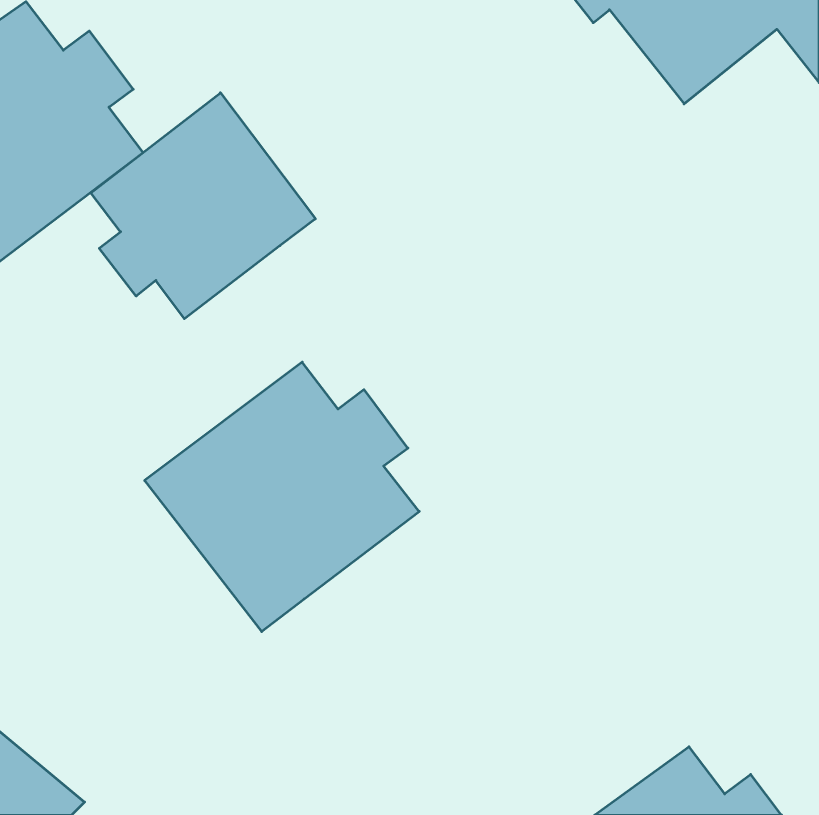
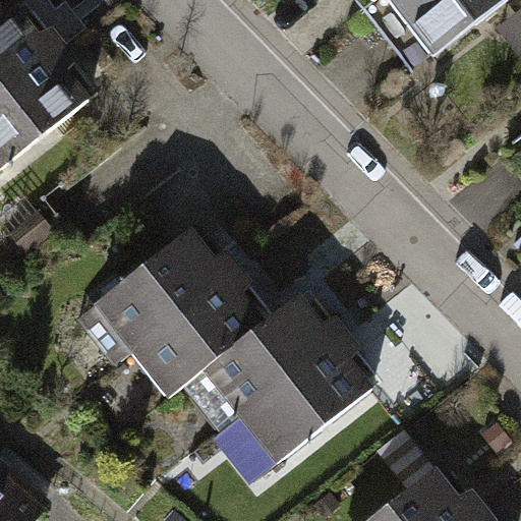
building: [91,93,315,319] -> none
building: none -> [190,294,370,471]

